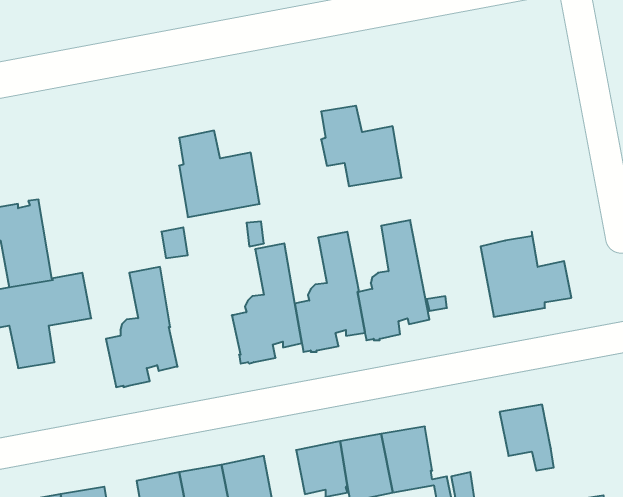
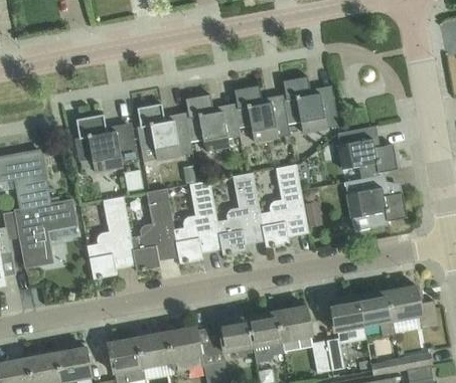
building: none -> [283,76,338,133]
building: none -> [185,93,240,150]
building: none -> [74,114,138,172]
building: none -> [337,126,398,178]
building: none -> [130,188,179,270]
building: none -> [387,284,438,329]
building: none -> [328,296,363,332]

